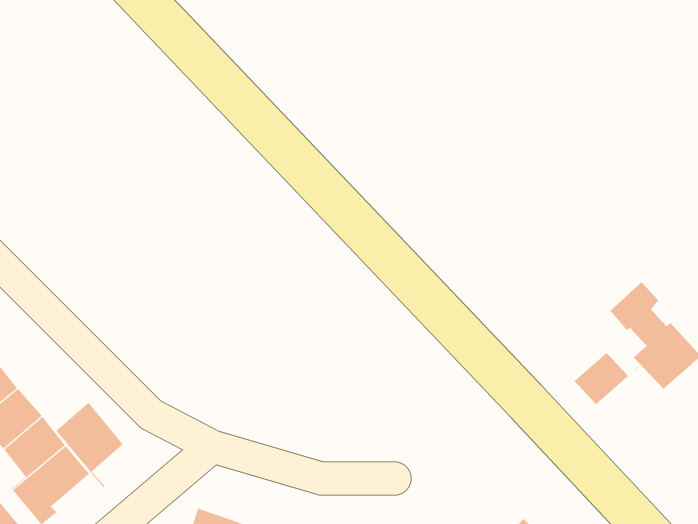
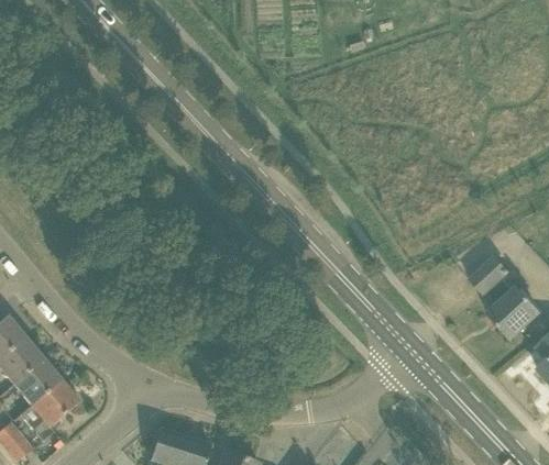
building: [574,352,641,405] -> none
building: [55,402,123,488] -> none

